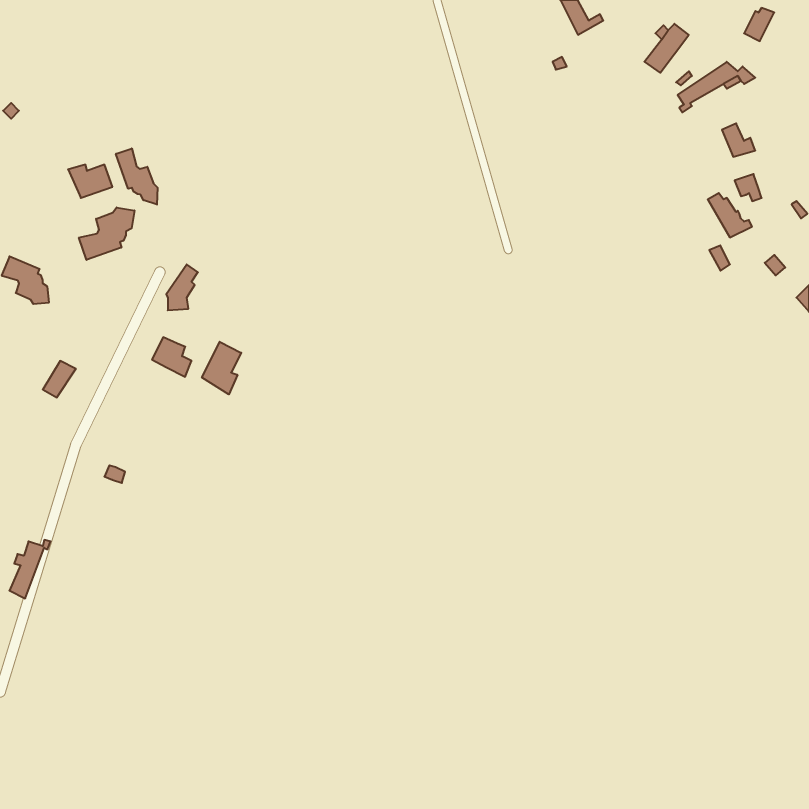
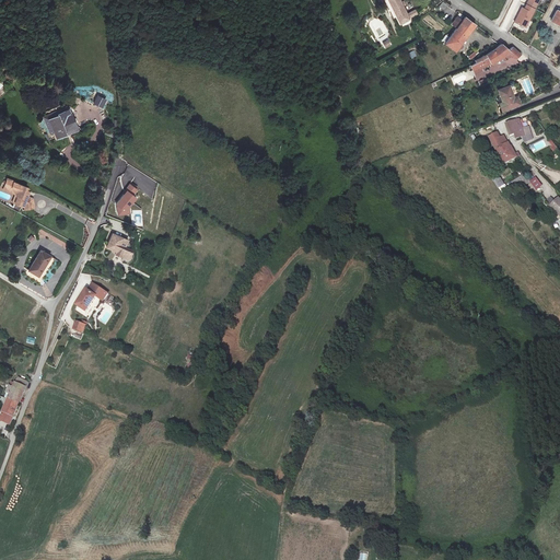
building: [116,148,158,205] -> none
building: [79,207,134,260] -> none
building: [202,342,241,394] -> none
building: none -> [74,283,107,314]

